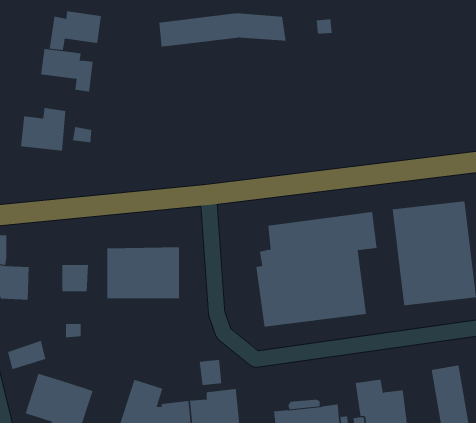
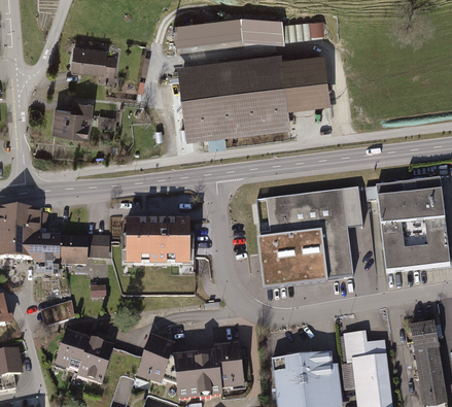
building: [49,10,101,51] -> none
building: none -> [175,52,329,142]
building: none -> [59,233,88,266]
building: [199,359,222,386] -> none

